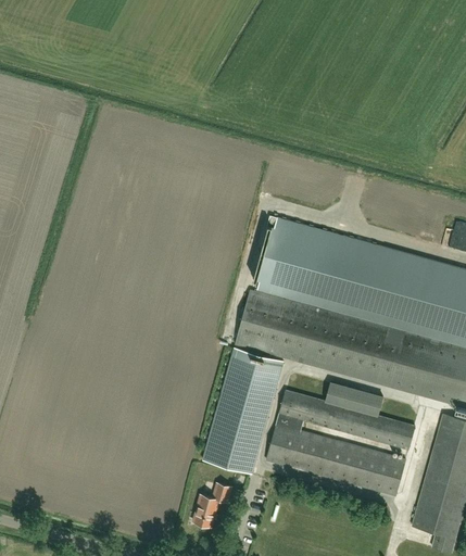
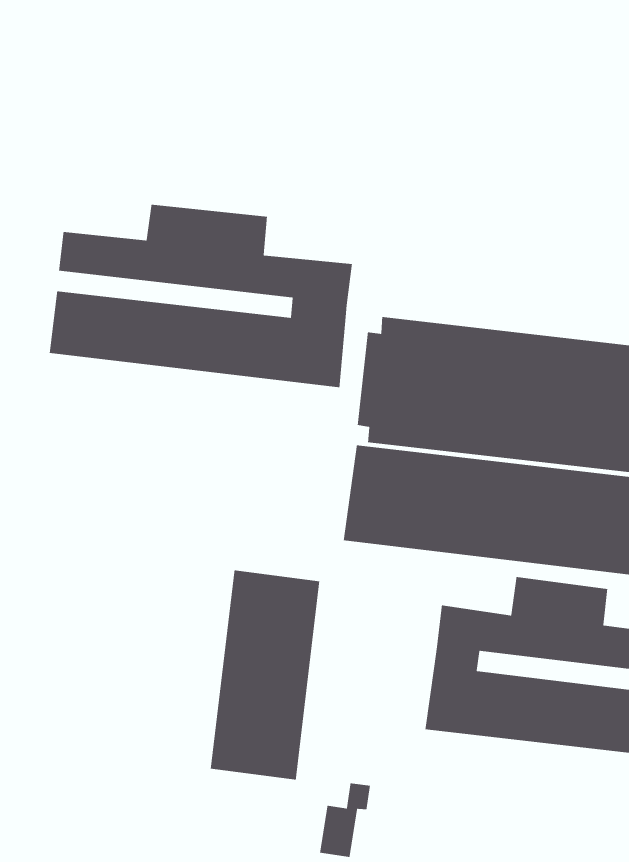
building: none -> [49,204,353,388]
building: [203,346,284,473] -> [210,570,320,780]

